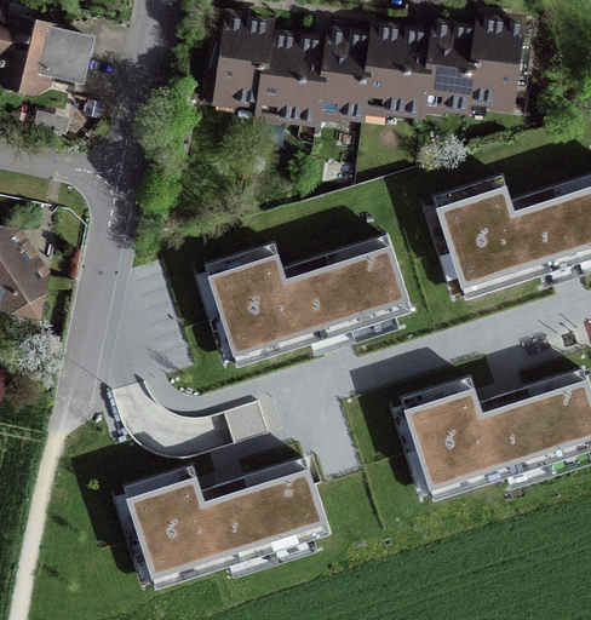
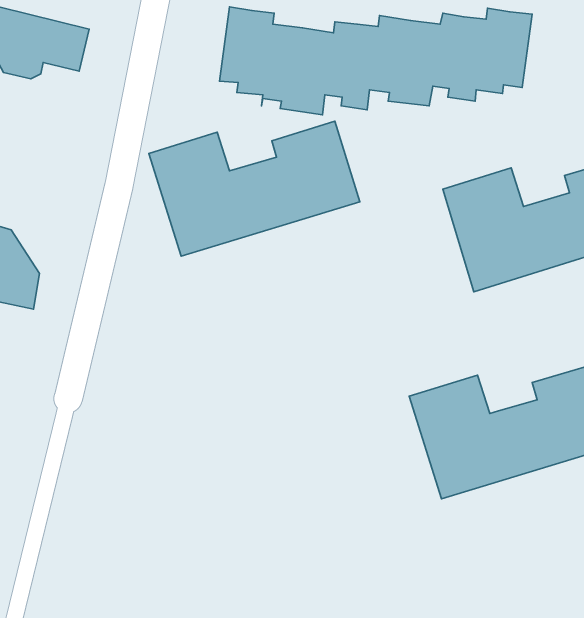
building: [205,231,411,363] -> [149,121,360,256]
building: [124,455,328,587] -> none

